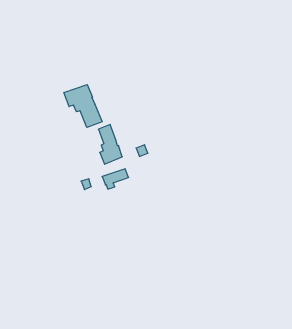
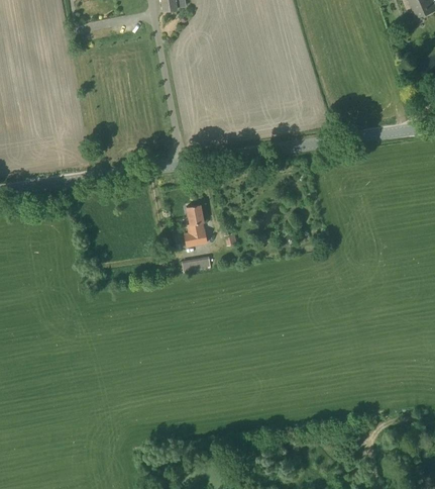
building: [64,85,102,127] -> none

